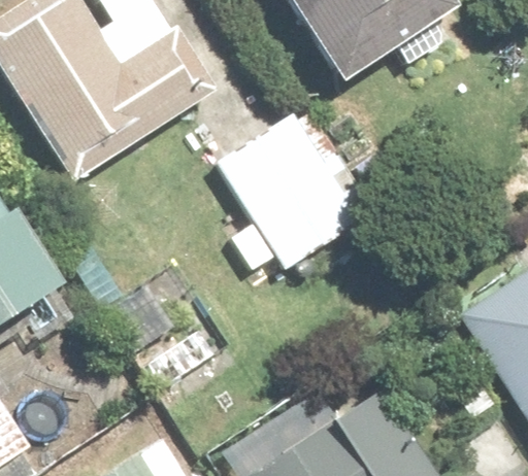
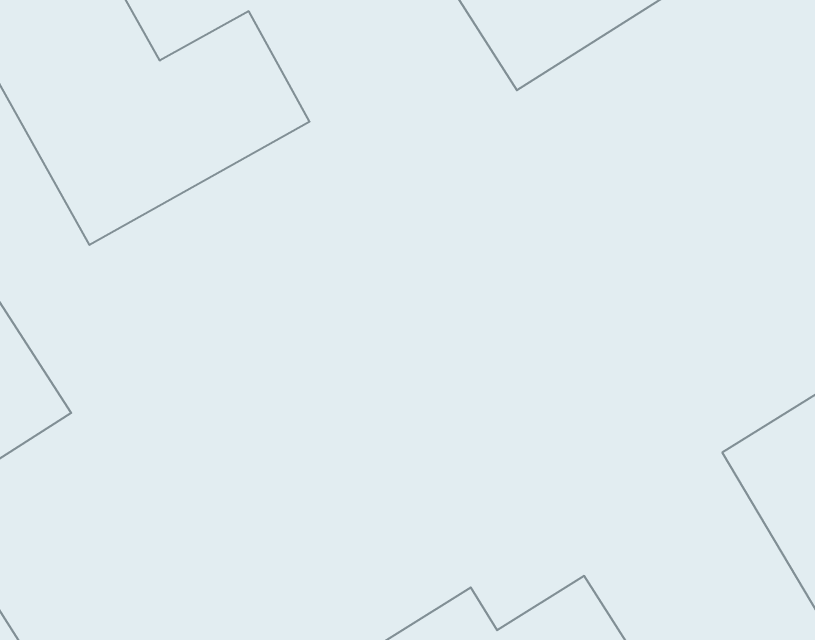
building: [220,104,374,283] -> none

